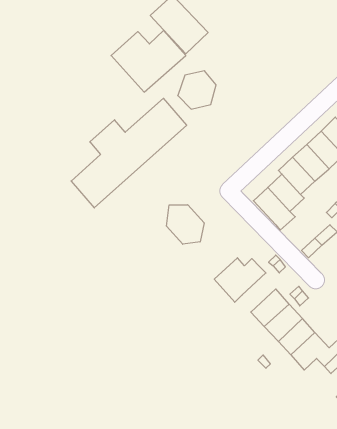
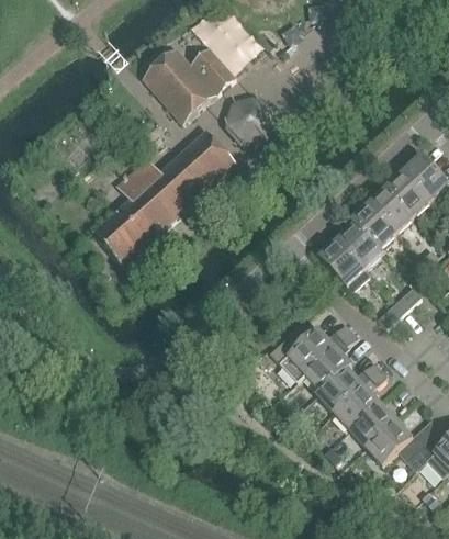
building: [167,205,204,244] -> none
building: none -> [305,345,350,393]

